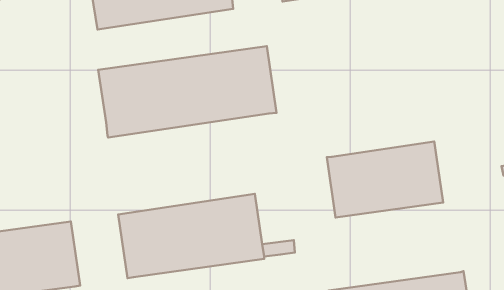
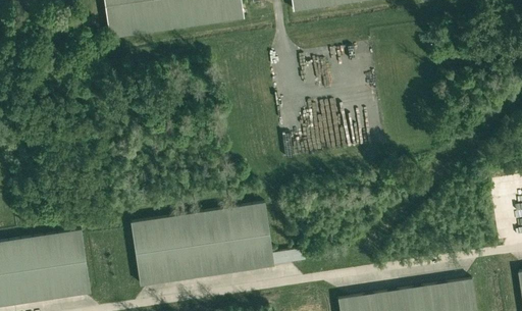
building: [98,46,276,137] -> none
building: [327,141,443,217] -> none

